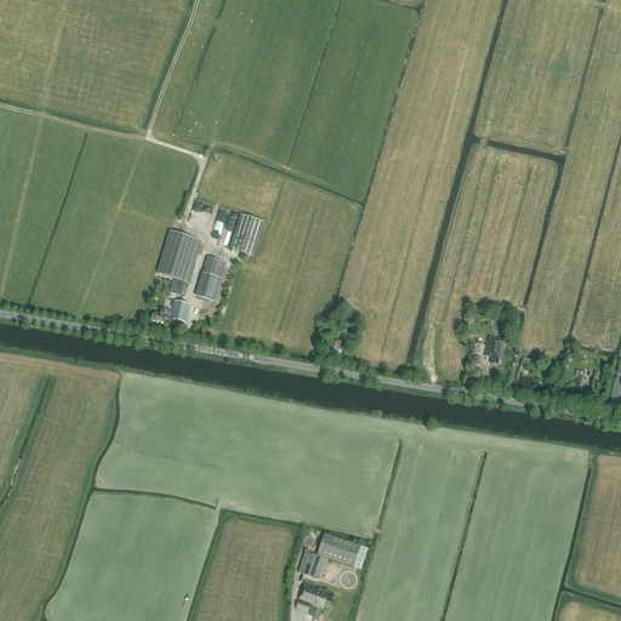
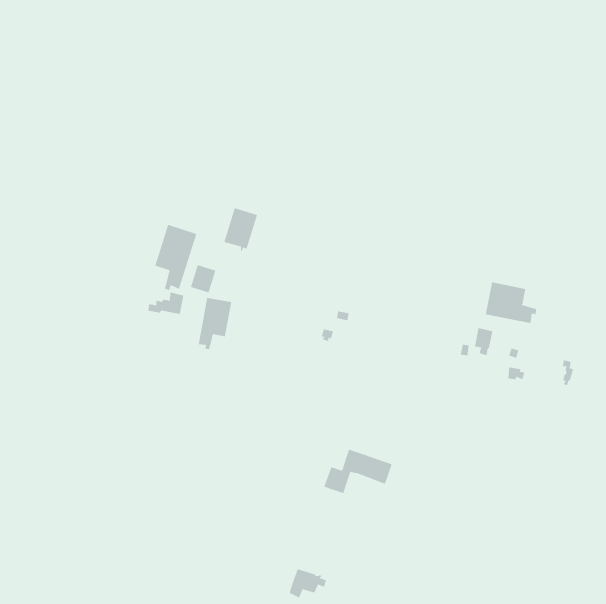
building: none -> [485,282,537,324]
building: none -> [198,297,232,350]
building: [297,531,368,577] -> [324,449,393,494]

